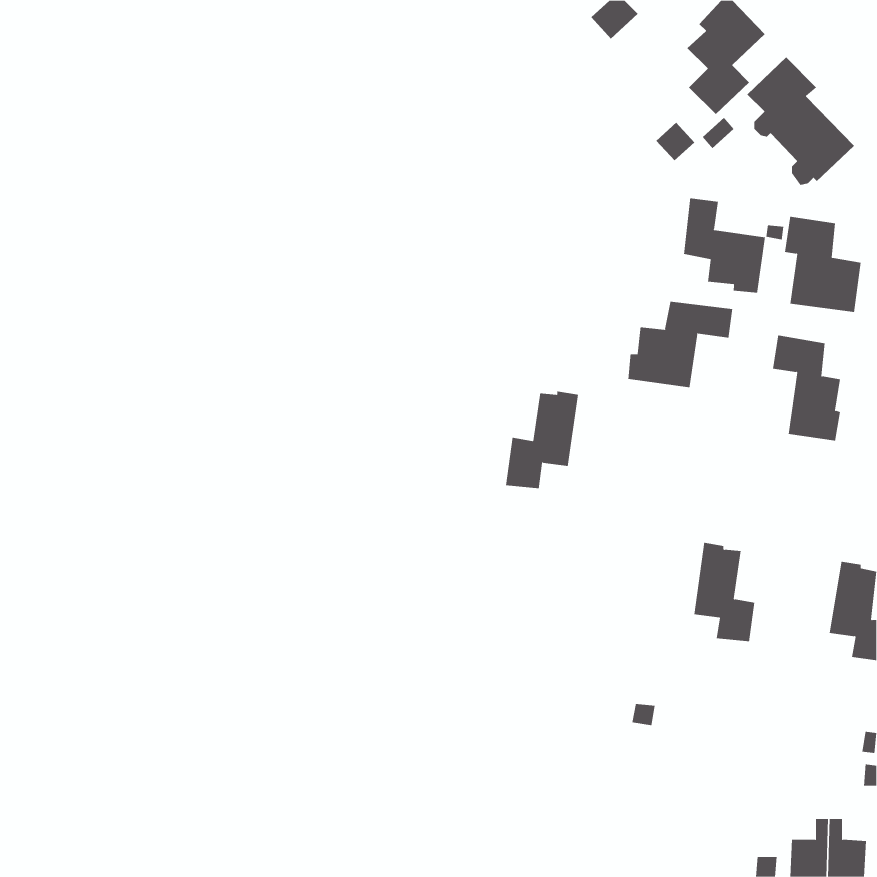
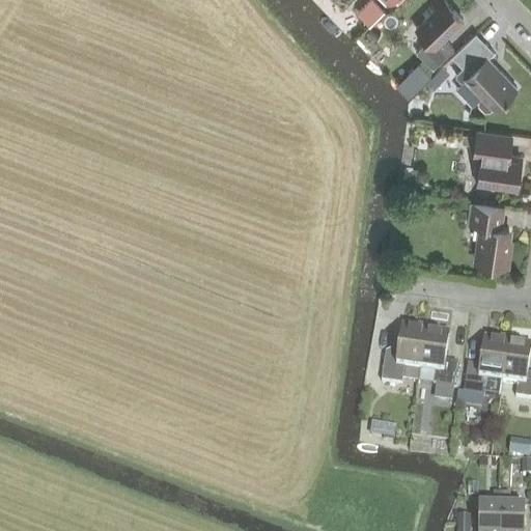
building: [684,198,765,293] -> none
building: [628,301,733,388] -> none
building: [505,391,579,489] -> [381,326,425,385]
building: none -> [454,338,508,411]

